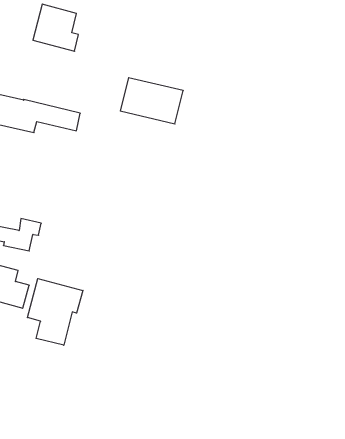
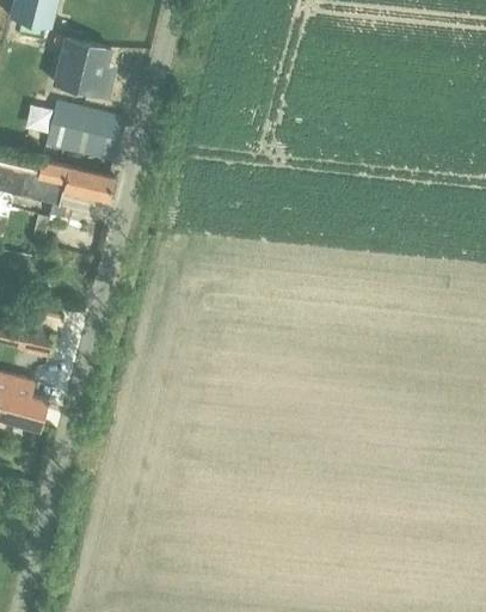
building: [120,78,183,124] -> [45,103,127,163]
building: [27,279,83,345] -> none

